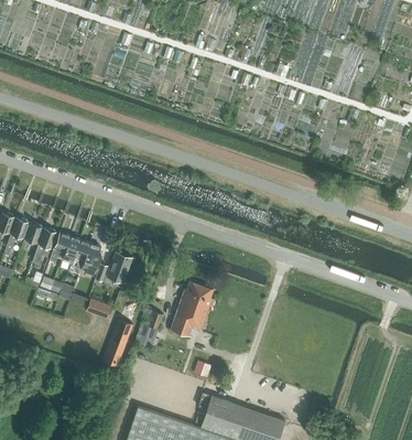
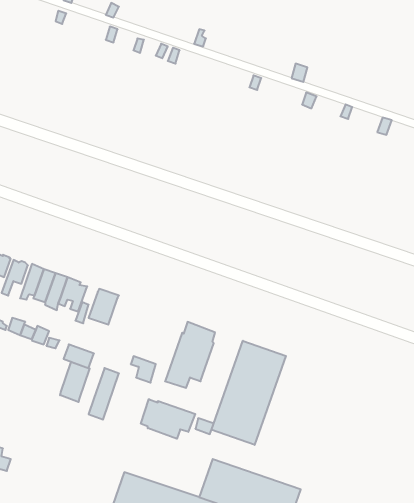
building: none -> [212,341,286,445]
building: none -> [60,362,90,402]
building: none -> [141,399,195,439]

